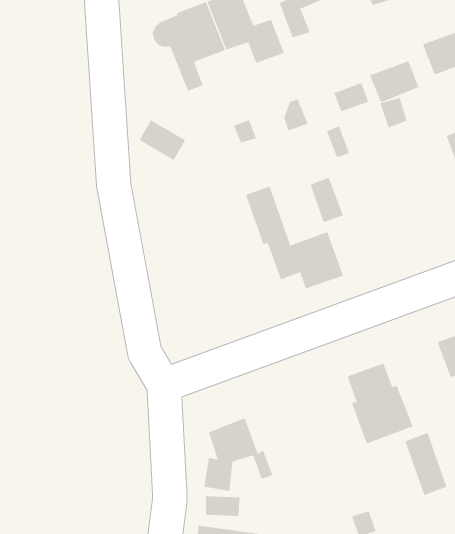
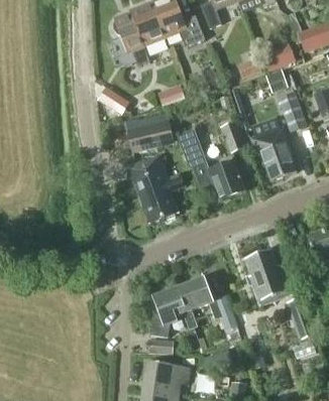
building: none -> [278,91,307,131]
building: none -> [123,112,173,152]
building: none -> [250,126,296,180]
building: none -> [124,154,182,221]
building: none -> [177,276,238,329]

